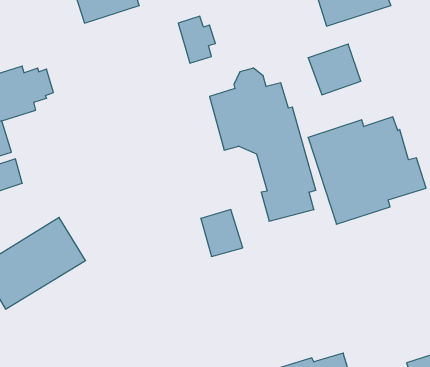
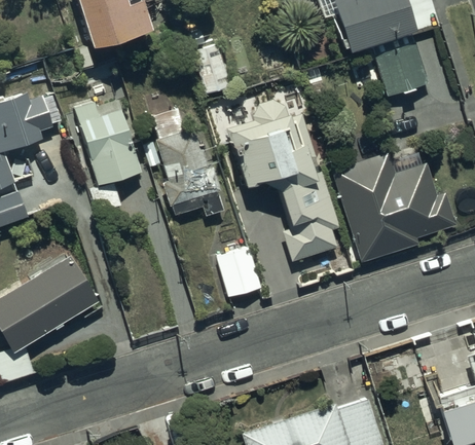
building: [308,44,361,95] -> [374,42,430,96]
building: none -> [75,94,142,211]
building: none -> [144,119,222,216]

